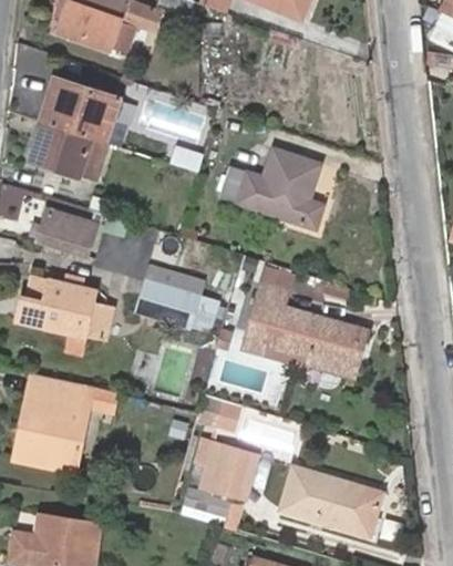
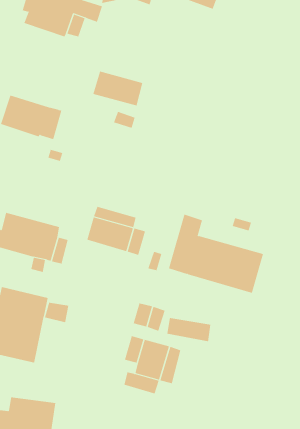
building: [39,83,115,145] -> none
building: [236,155,337,234] -> none
building: [41,208,102,258] -> none
building: [289,469,389,529] -> none

